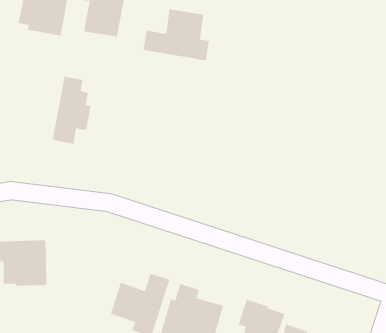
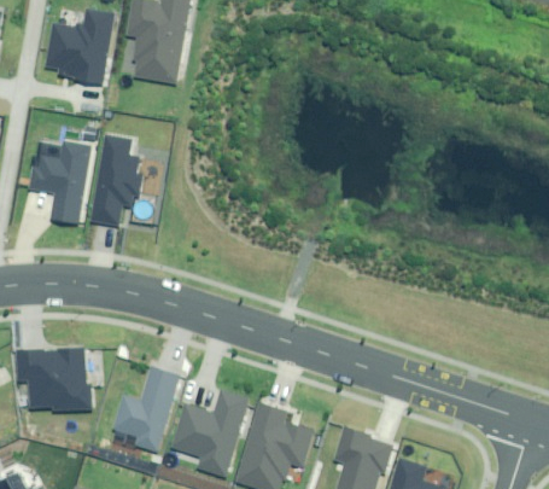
building: [143,8,210,61] -> none
building: none -> [30,140,90,223]
building: none -> [111,367,180,450]

